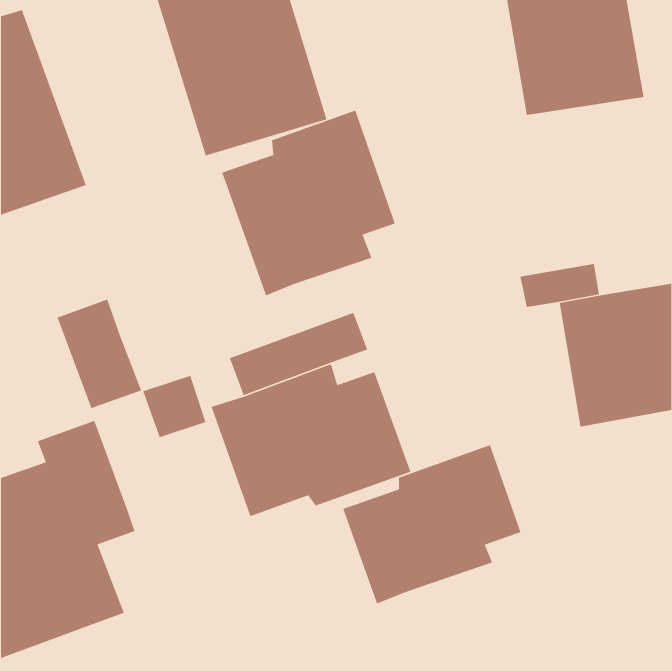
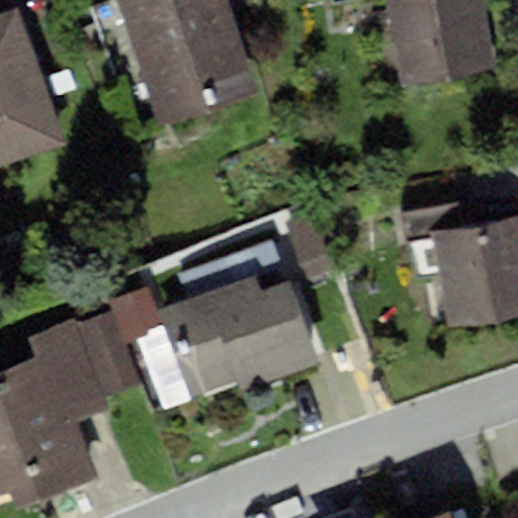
building: [221,110,396,296] -> none
building: [57,299,142,409] -> [73,309,139,394]
building: [342,444,521,604] -> none

